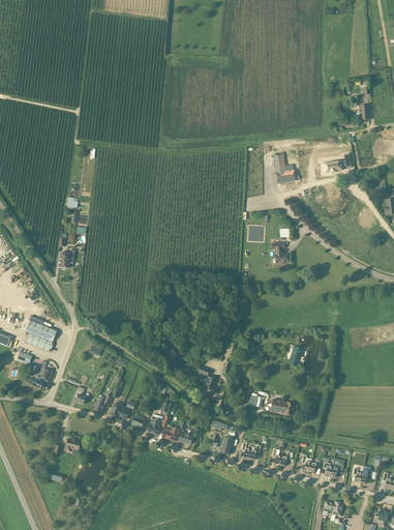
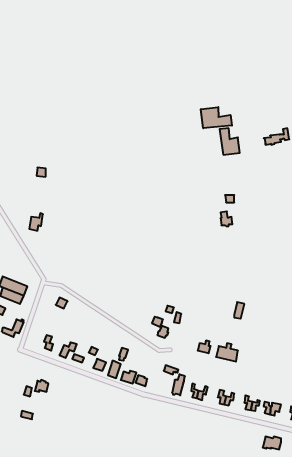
building: none -> [201,107,232,128]

